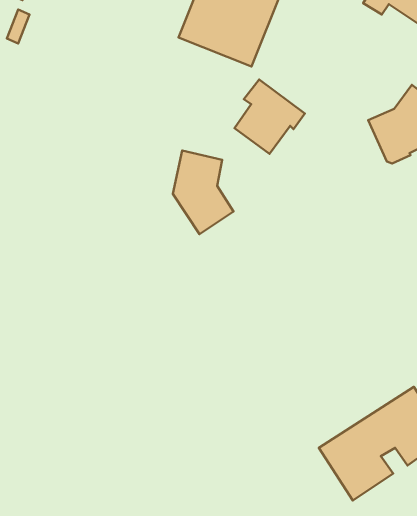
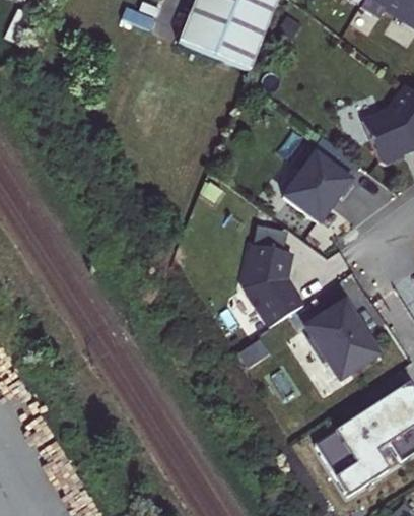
building: [235,79,305,154] -> [284,148,353,221]
building: [173,151,234,234] -> [245,243,304,325]
building: none -> [304,299,375,374]

